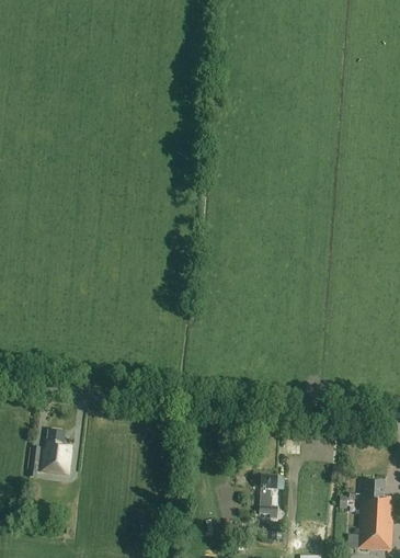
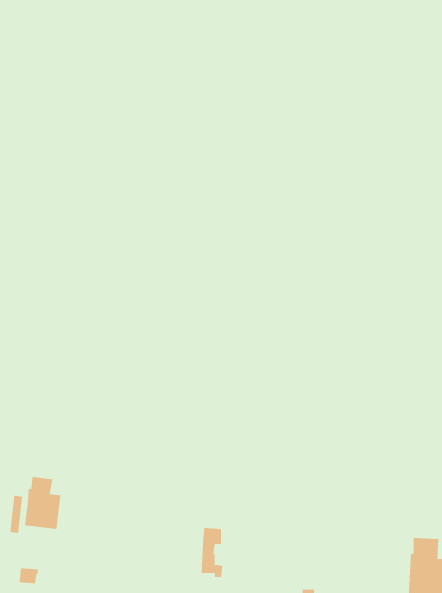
building: [259,475,277,516] -> [201,527,223,578]

